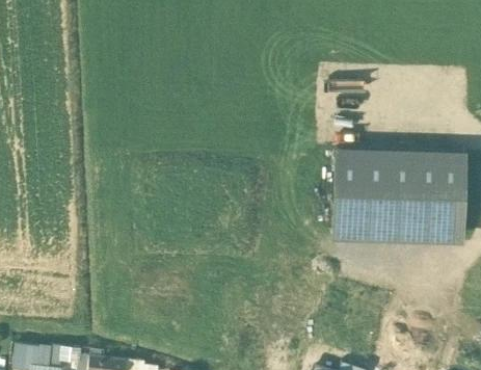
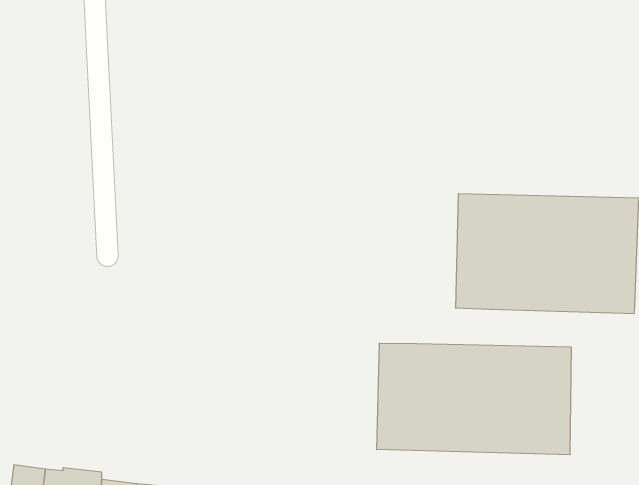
building: none -> [377,343,571,455]

